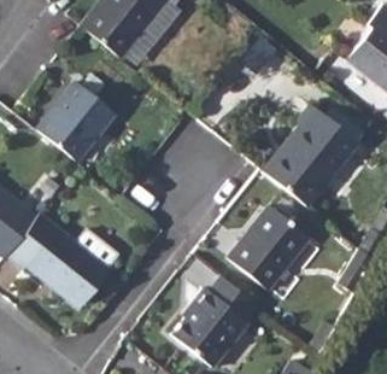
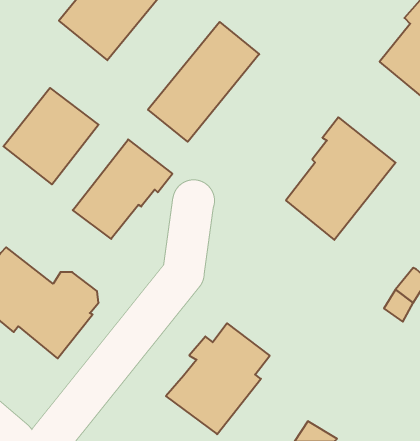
building: none -> [148,22,259,142]
building: none -> [73,139,172,239]
building: [229,205,310,288] -> none

